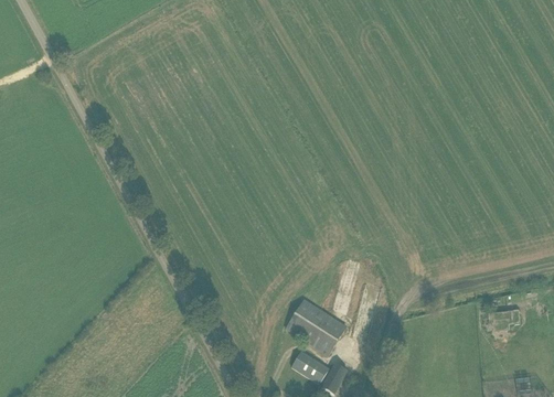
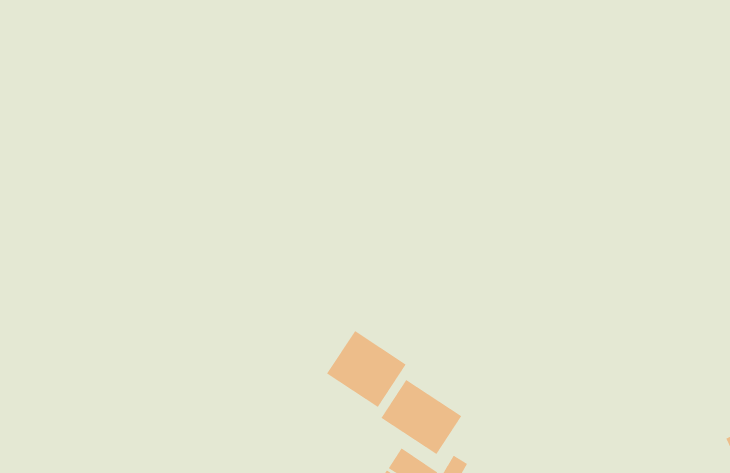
building: none -> [326,330,407,408]

